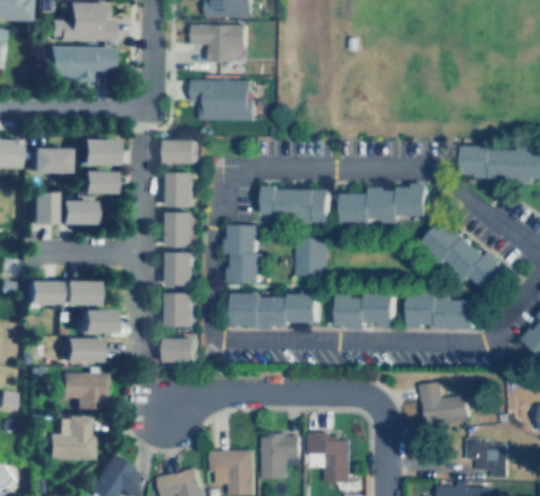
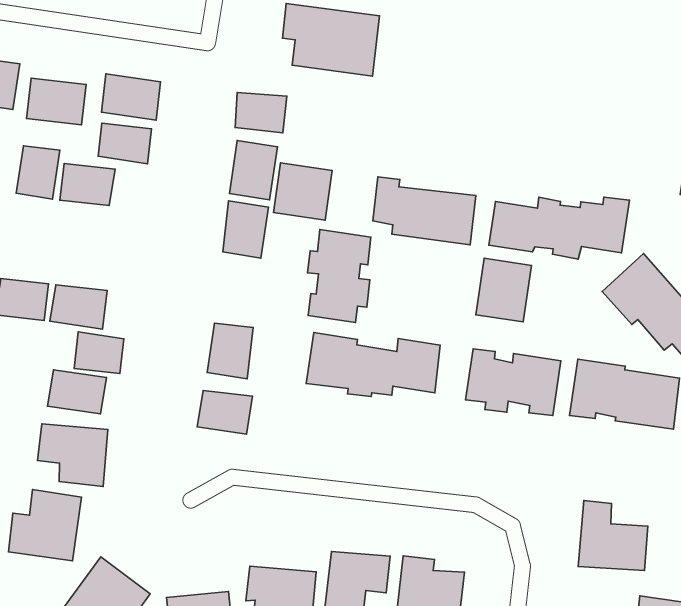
building: none -> [274,163,332,220]
building: [295,238,328,276] -> [476,258,531,322]
building: [166,252,193,286] -> none

